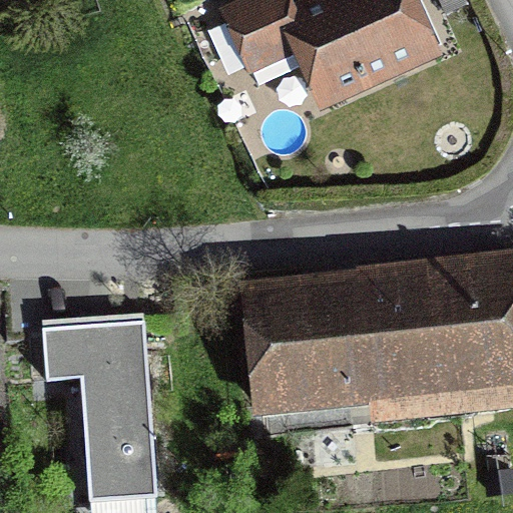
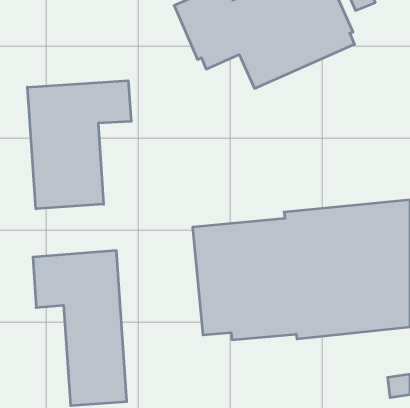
building: none -> [27,81,131,209]

